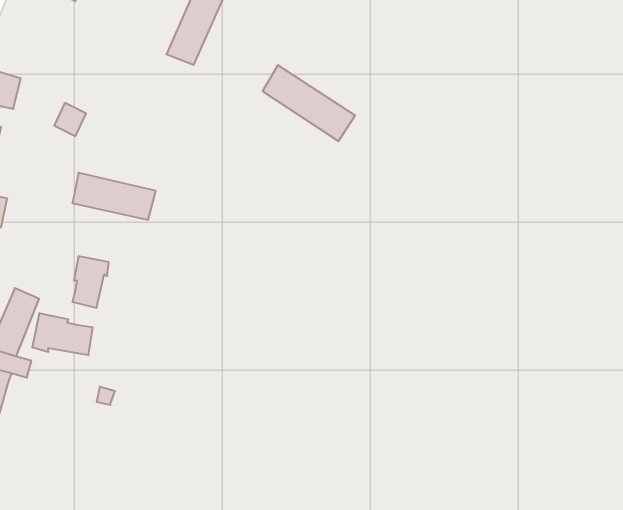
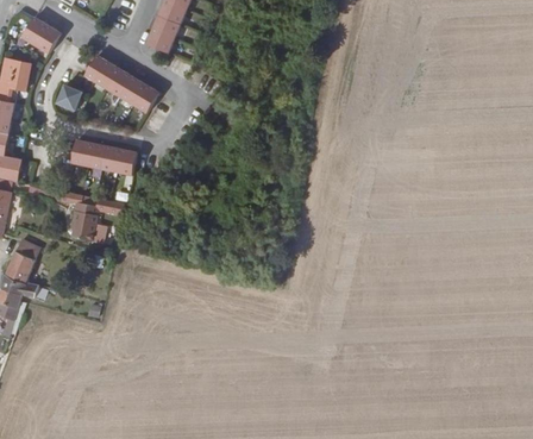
building: none -> [21,13,61,50]
building: [263,65,355,141] -> [87,54,159,113]
building: [32,313,92,355] -> none

